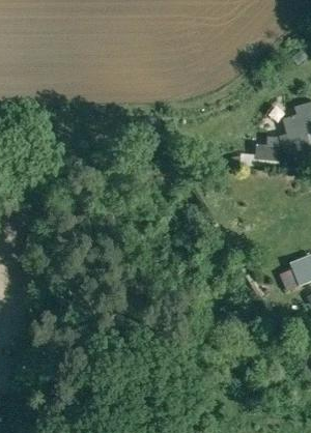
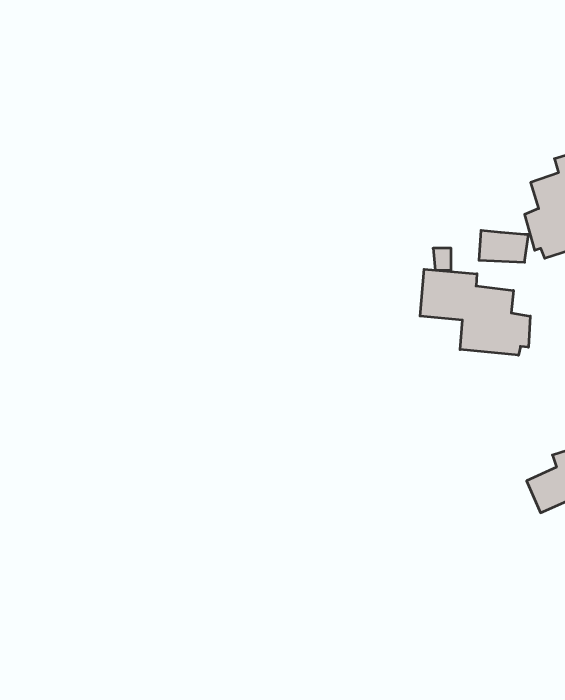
building: none -> [420,269,530,355]

